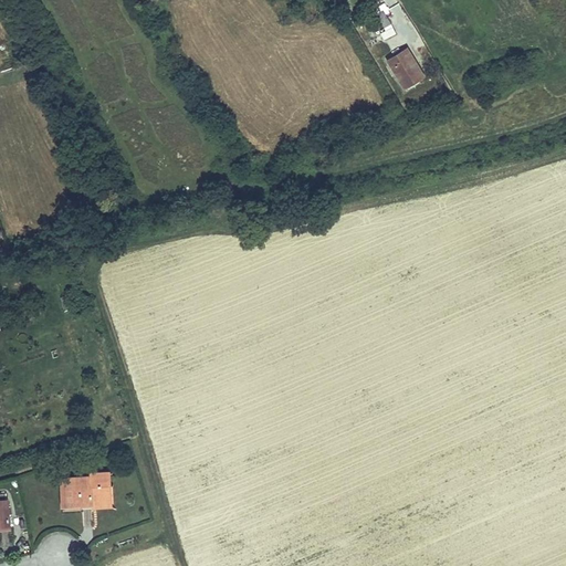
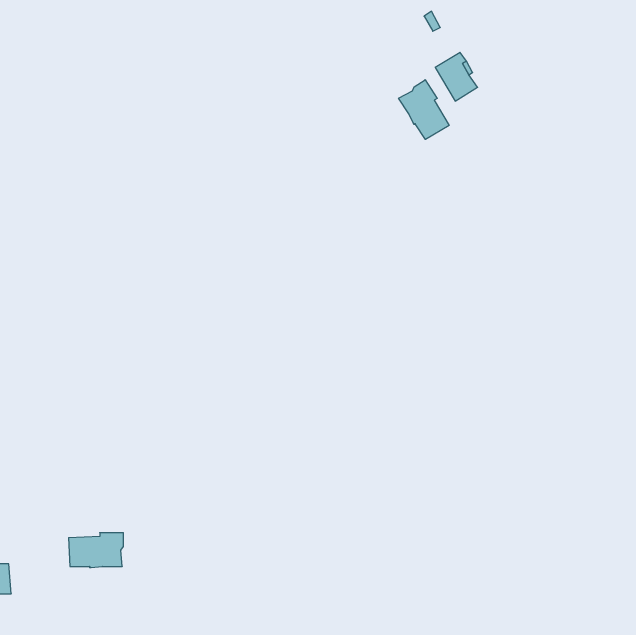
building: none -> [399,80,449,139]

